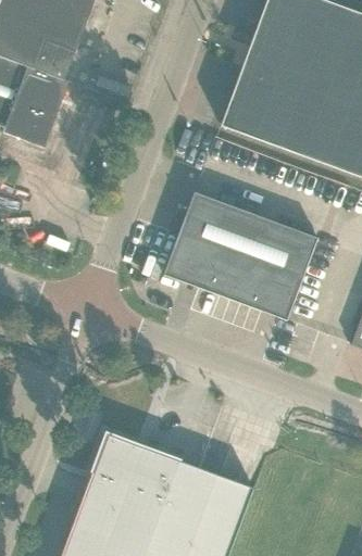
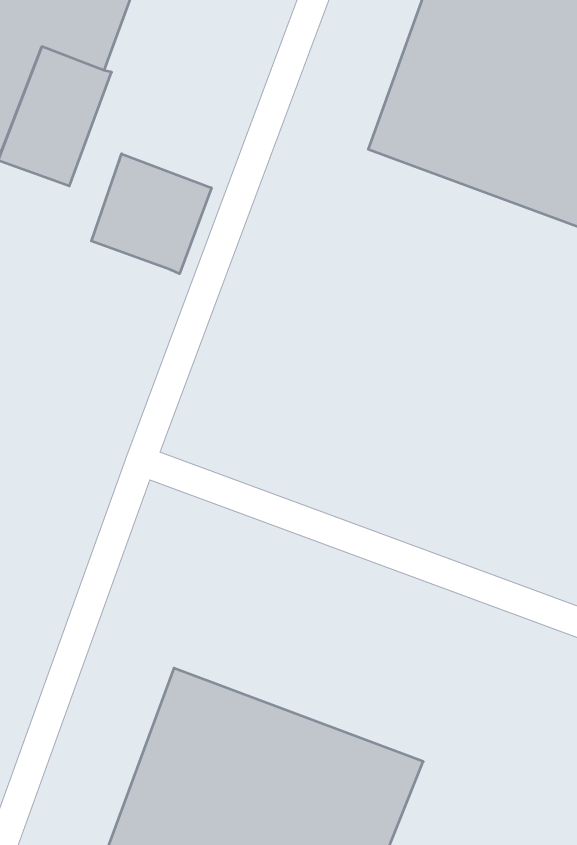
building: none -> [91,154,211,274]
building: [163,191,317,319] -> none

